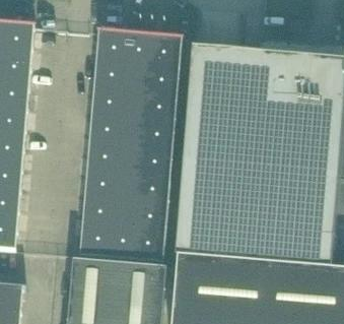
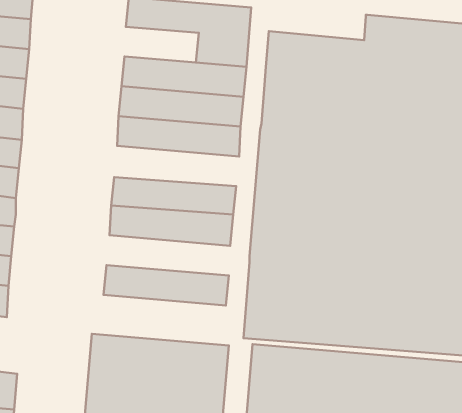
building: [94,50,145,74] -> none
building: [87,131,173,158] -> none
building: [82,192,166,219] -> none
building: [78,233,163,260] -> none

